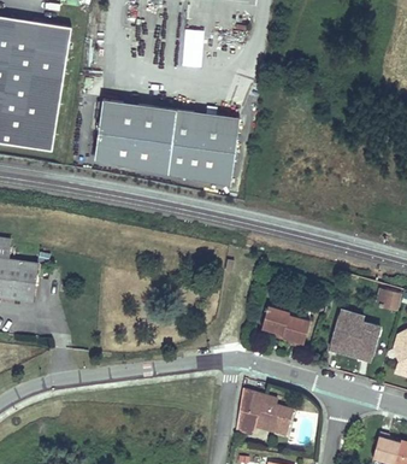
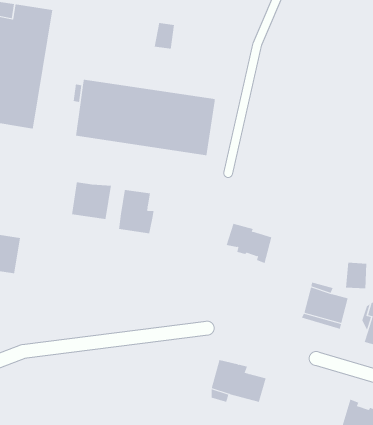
building: none -> [72,181,111,220]
building: none -> [119,189,154,234]
building: [260,306,308,348] -> [226,223,272,264]

